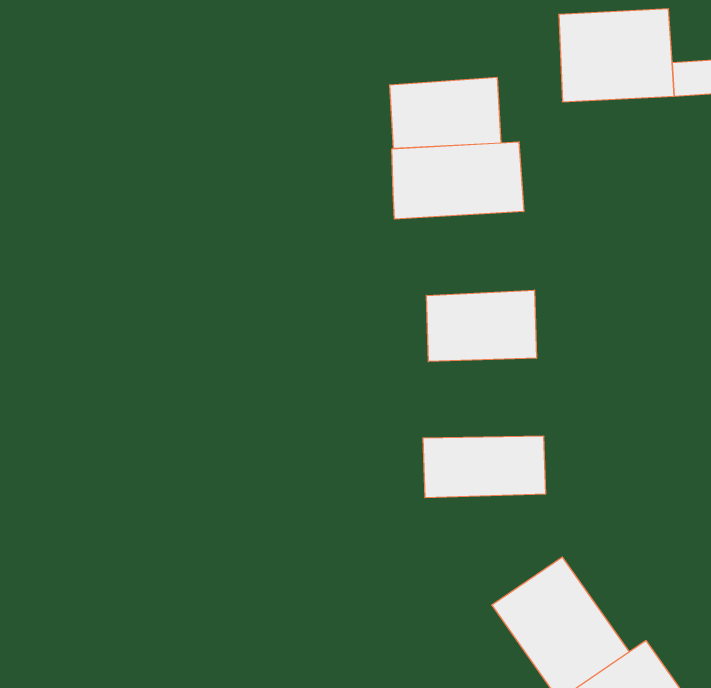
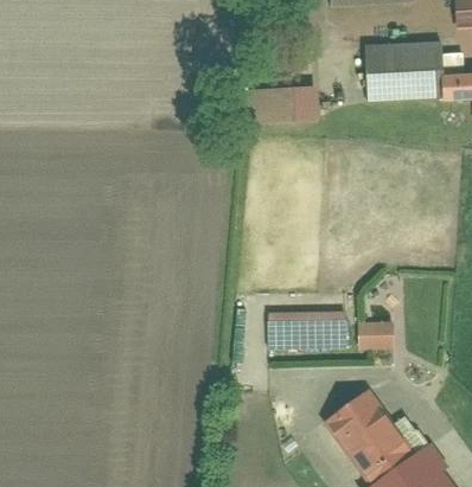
building: [392,142,524,219] -> none
building: [426,290,536,362] -> none
building: none -> [365,323,400,350]

